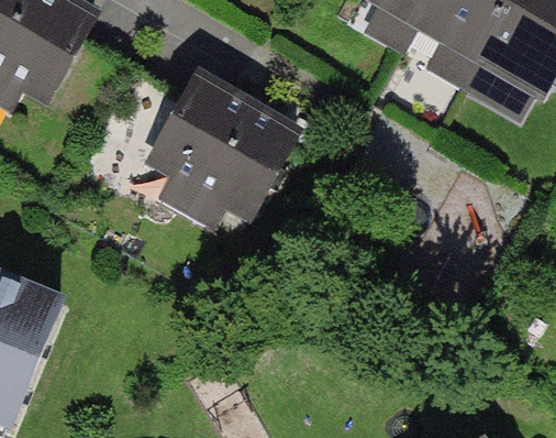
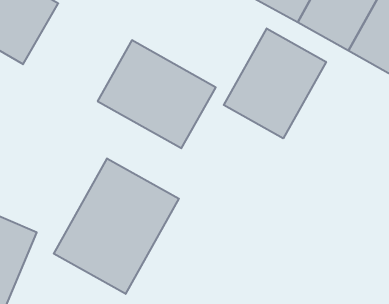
building: none -> [224,28,326,138]
building: none -> [54,158,179,294]

